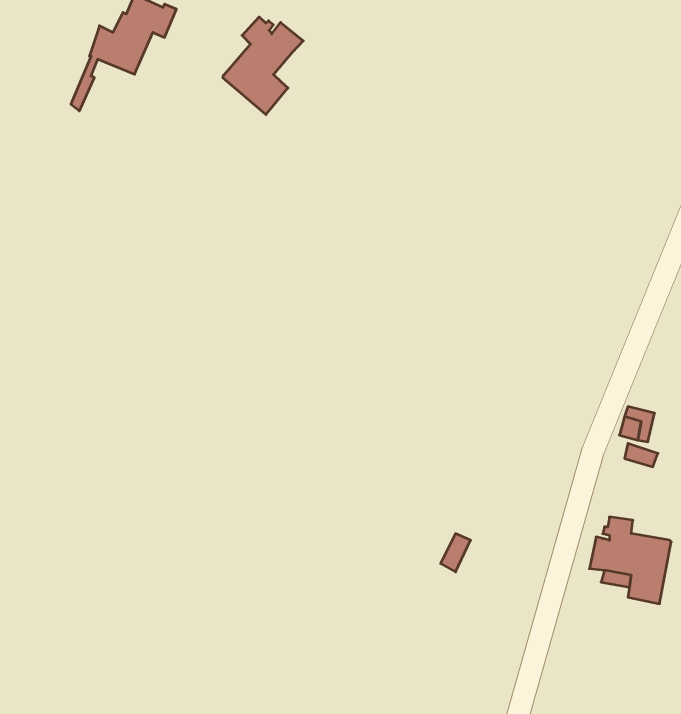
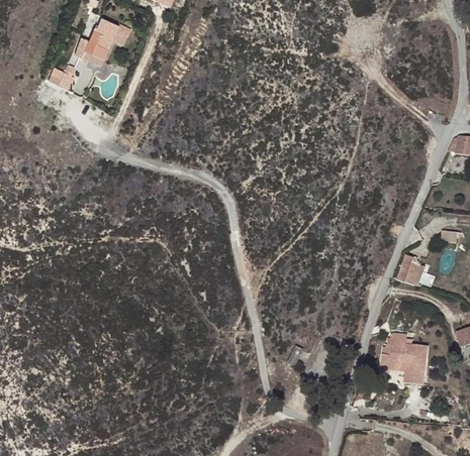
building: [223,17,303,115] -> none

